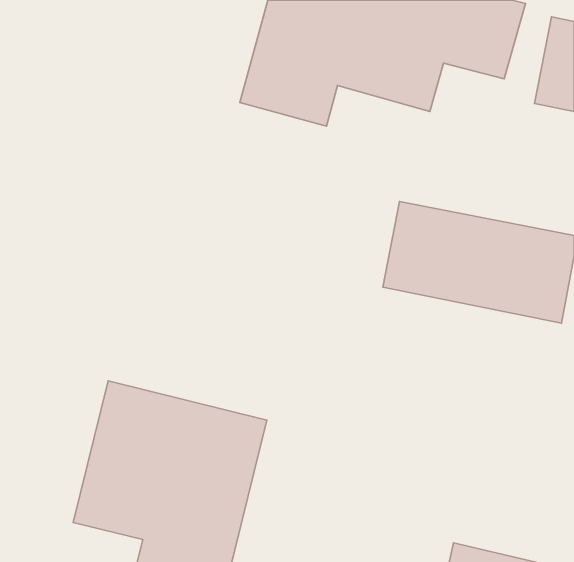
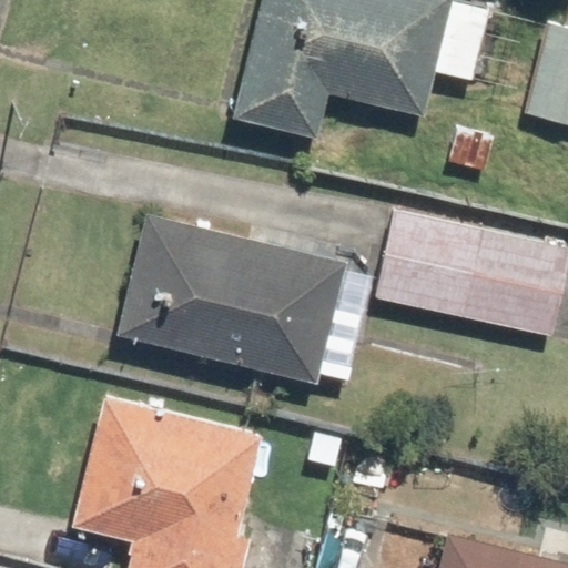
building: none -> [119,215,338,381]

